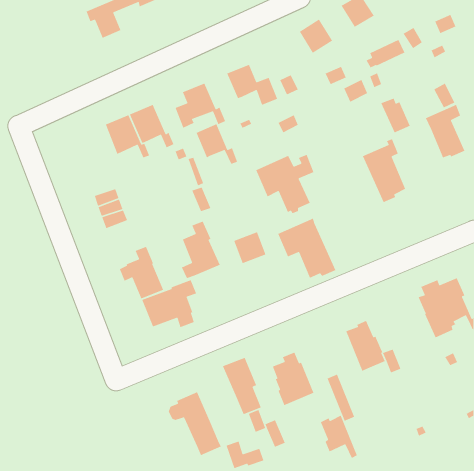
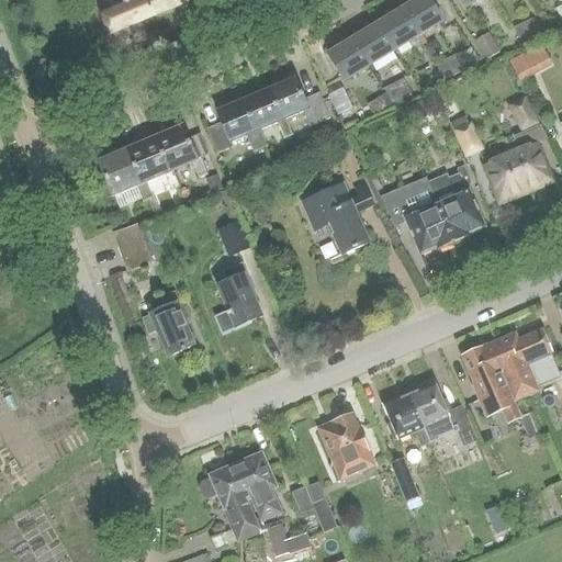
building: none -> [378,7,419,48]
building: none -> [328,37,370,79]
building: [195,123,238,165] -> [243,87,293,136]
building: none -> [97,147,150,201]
building: none -> [483,154,524,202]
building: [277,218,337,279] -> [383,178,453,250]
building: [233,231,266,264] -> none
building: [141,279,197,328] -> none
building: none -> [463,339,522,425]
building: [222,357,262,415] -> [234,452,281,521]
building: [320,415,358,459] -> [383,392,428,445]

